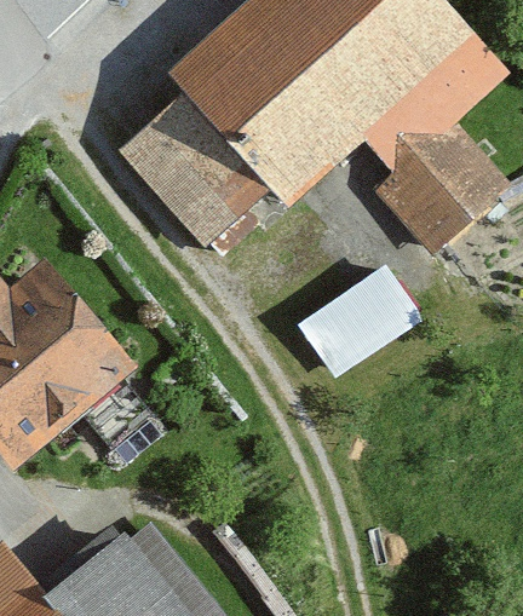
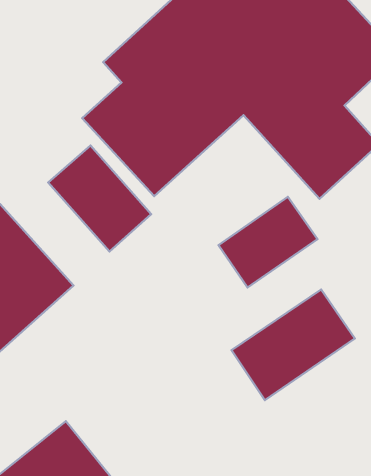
building: none -> [48,145,151,251]
building: none -> [232,290,355,400]

